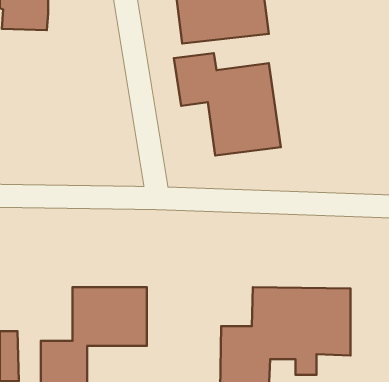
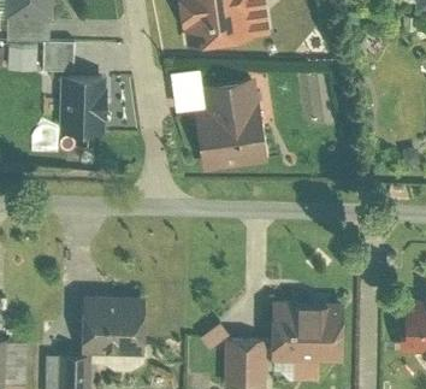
building: none -> [19,49,103,136]

